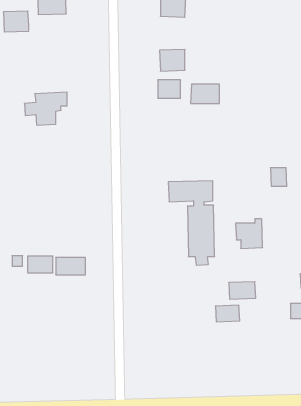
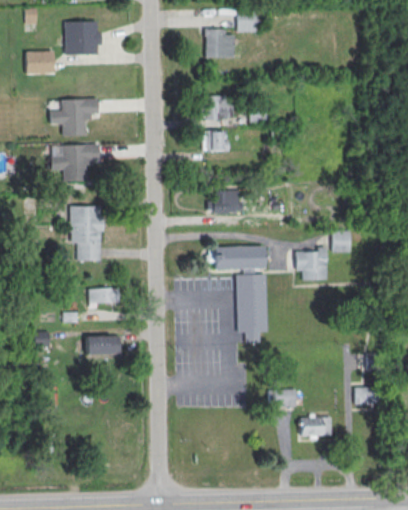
building: none -> [50,98,99,136]
building: [191,84,219,103] -> [209,190,242,212]
building: none -> [70,207,104,261]
building: [236,219,263,249] -> [296,247,327,281]
building: [28,256,53,273] -> [89,287,118,306]
building: [229,282,256,299] -> [301,417,332,437]

